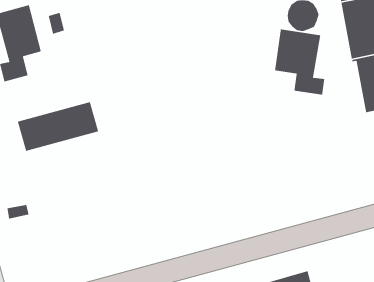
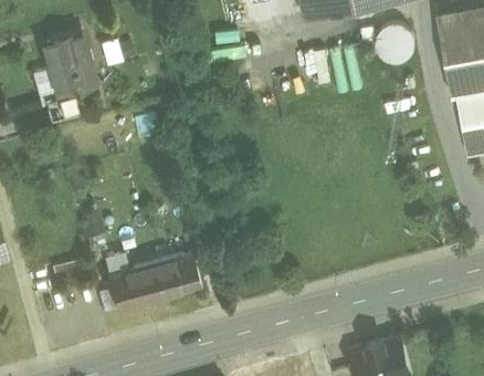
building: [274,28,325,95] -> none
building: [17,101,99,152] -> [107,251,202,310]

